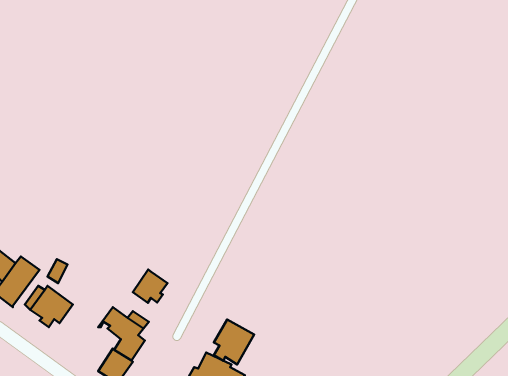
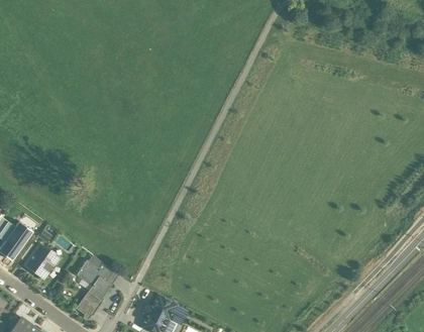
building: [133,270,168,303] -> none
building: [214,319,254,364] -> none

